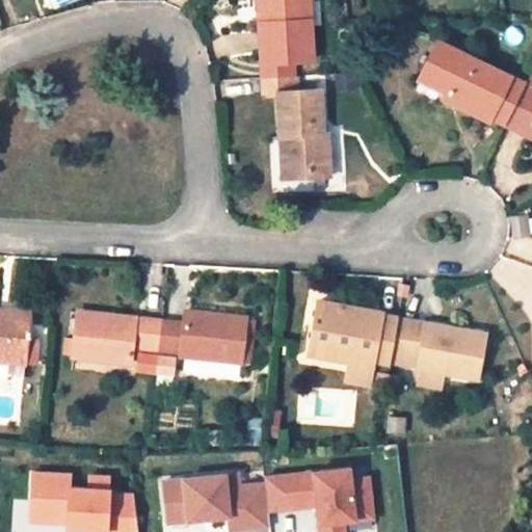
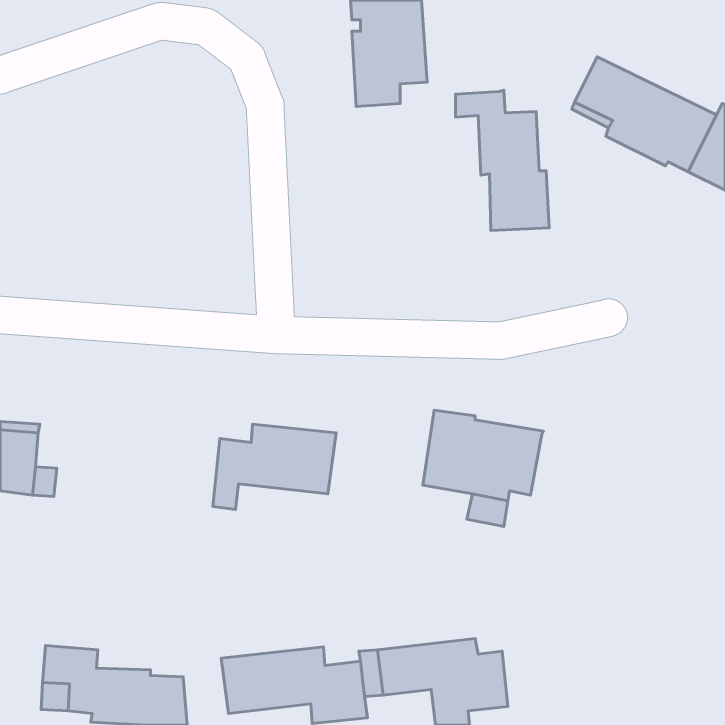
building: [261,75,329,178] -> [455,90,549,231]
building: [73,313,161,371] -> none
building: [389,318,484,379] -> none

